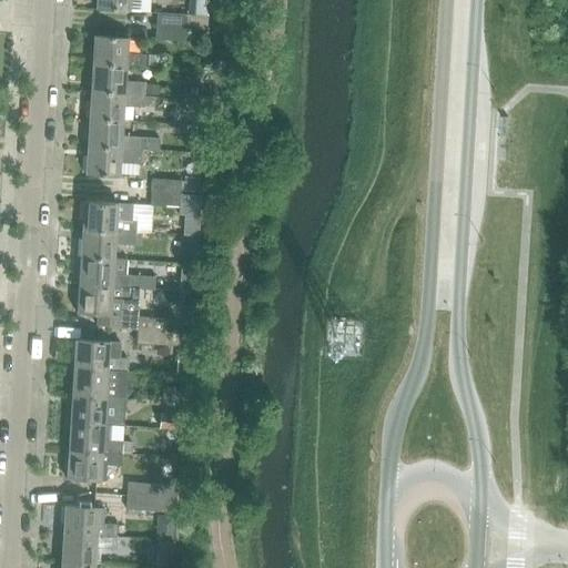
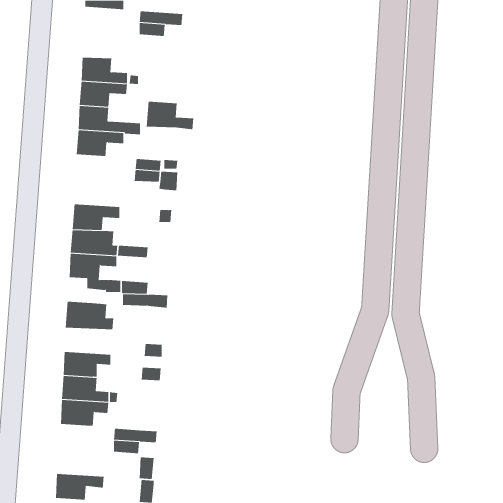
building: [92,36,146,68] -> [146,101,194,130]
building: [83,202,136,233] -> none
building: [72,369,128,399] -> none
building: [63,505,118,537] -> none

